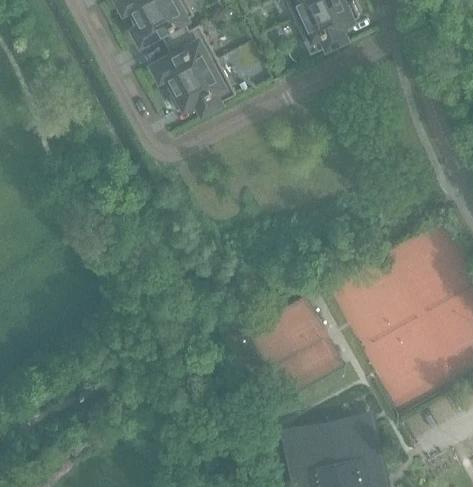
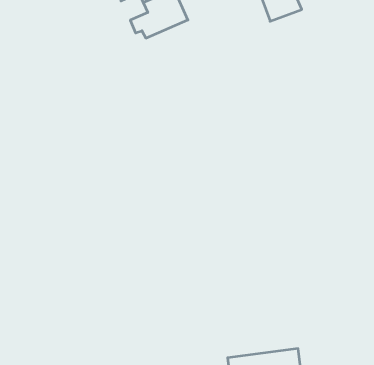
building: [167,61,234,114] -> none

